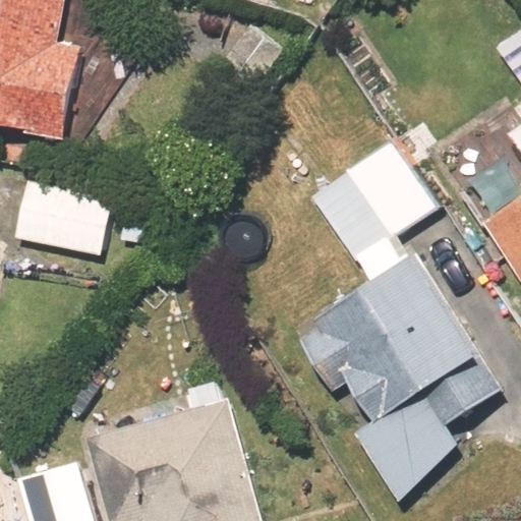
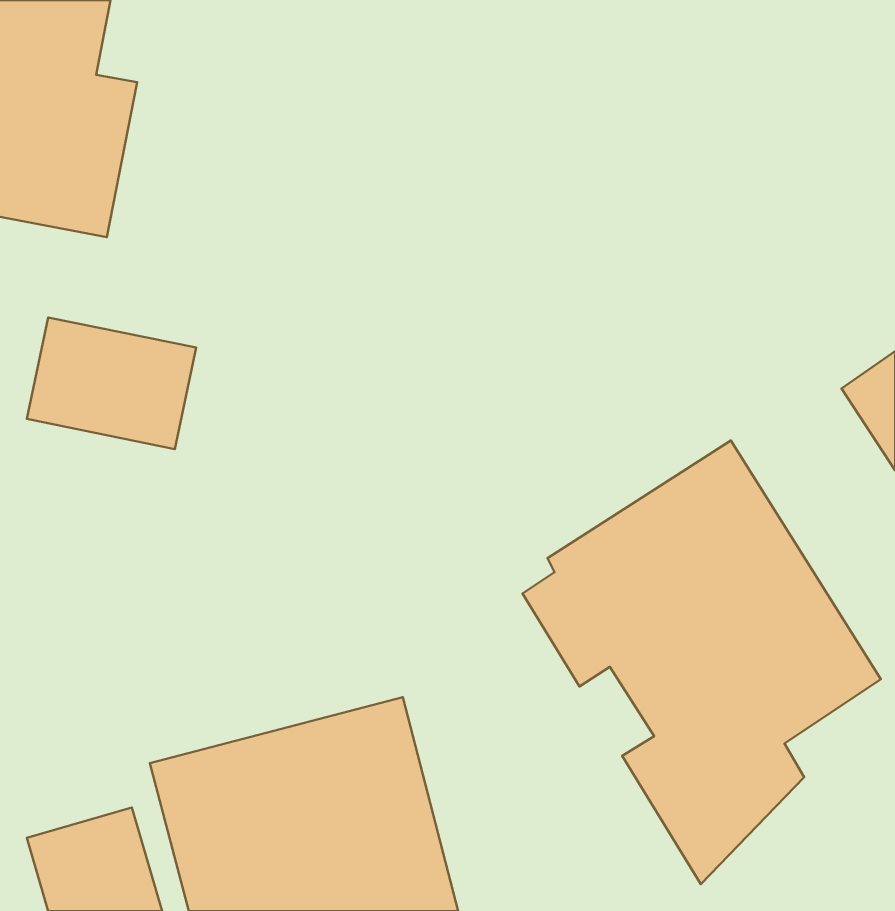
building: [311,137,440,280] -> none

